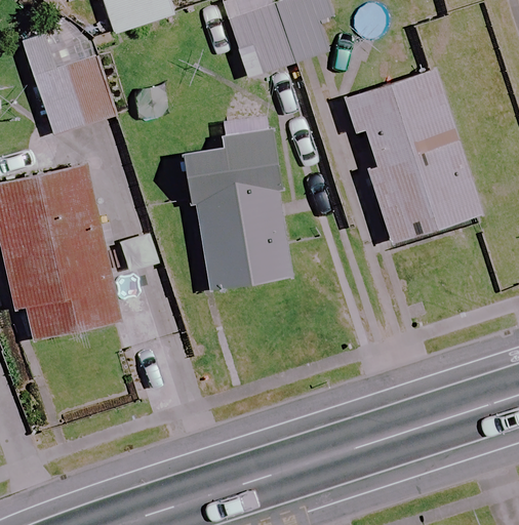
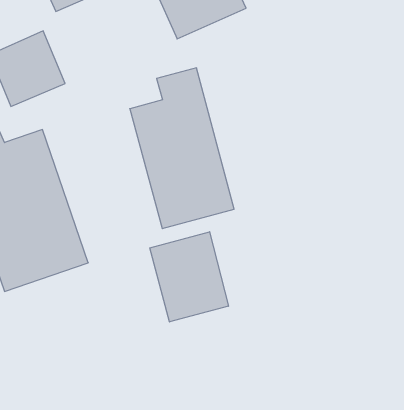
building: [347,69,481,241] -> none
building: none -> [150,232,228,322]

